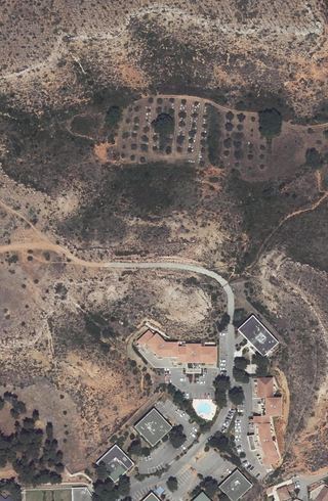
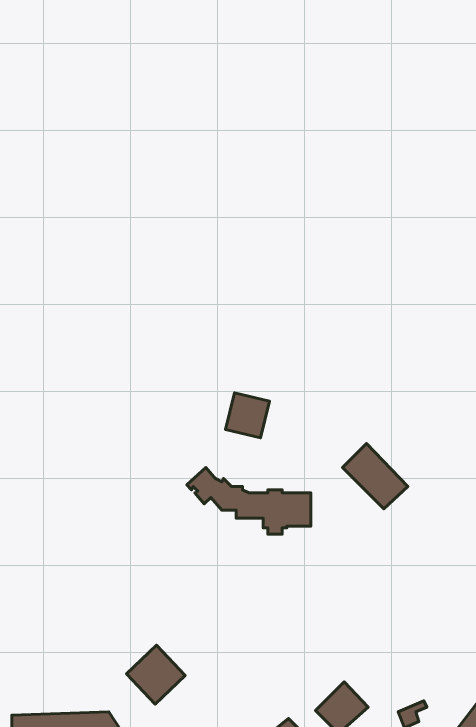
building: none -> [225,393,269,438]
building: [248,378,282,467] -> none
building: [136,409,174,447] -> none

